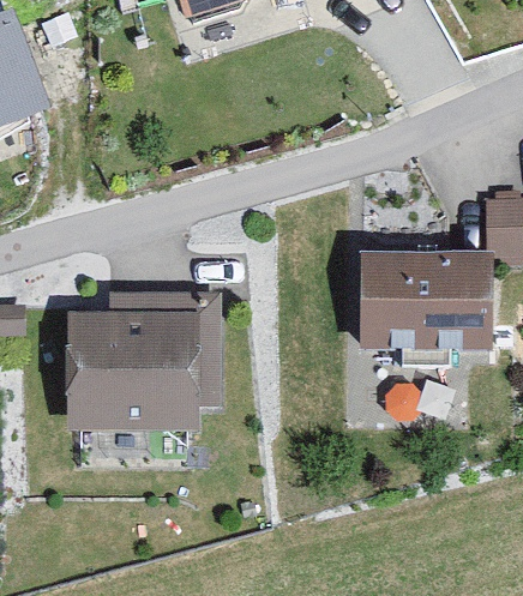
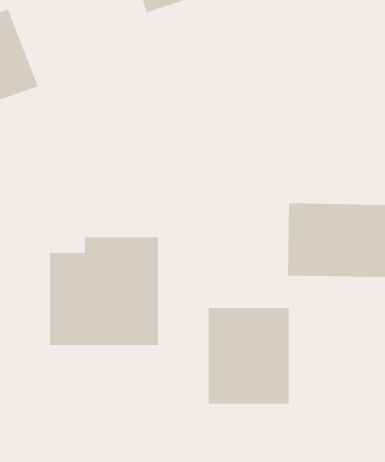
building: none -> [208,307,289,405]

